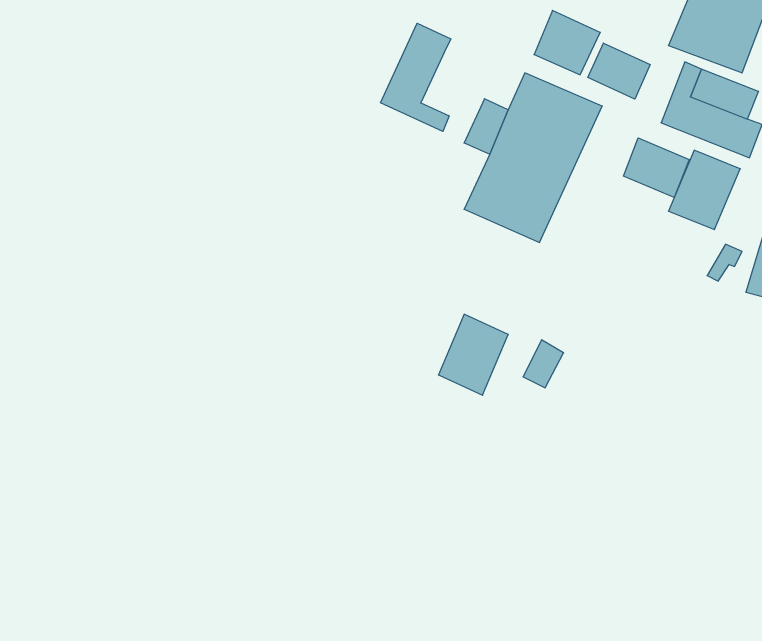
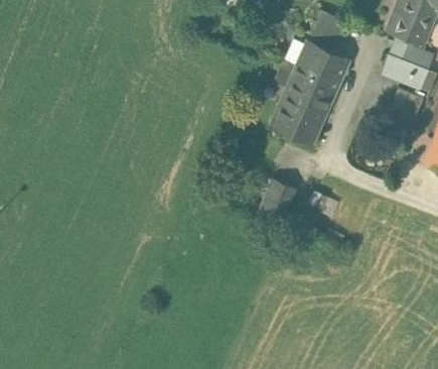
building: [381,23,451,131] -> none
building: [588,43,650,99] -> none
building: [623,138,689,198] -> none

